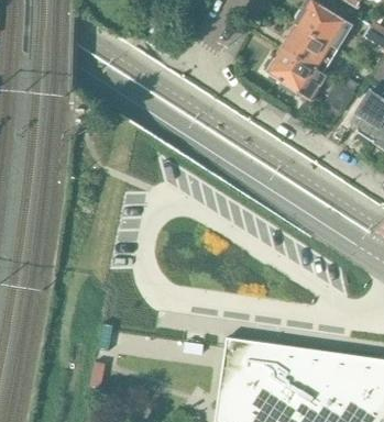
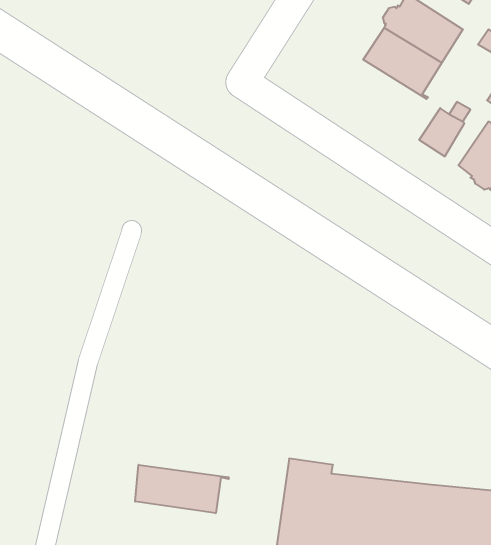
building: [265,46,327,93] -> none
building: none -> [135,465,229,513]

